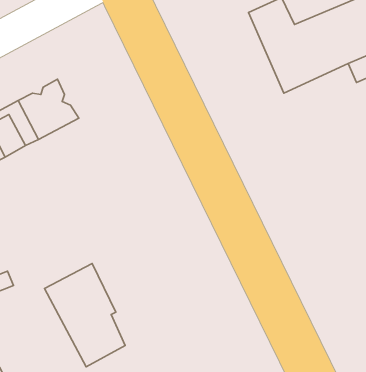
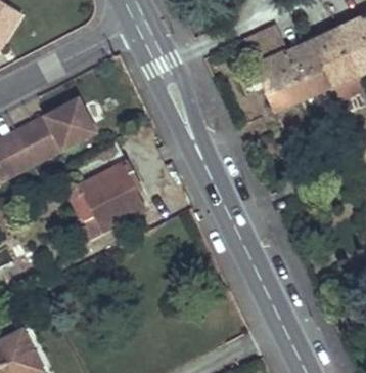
building: [45,264,125,367] -> [70,142,139,232]

